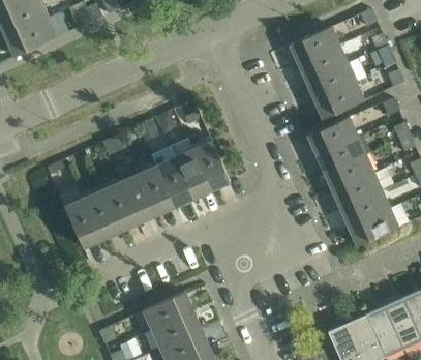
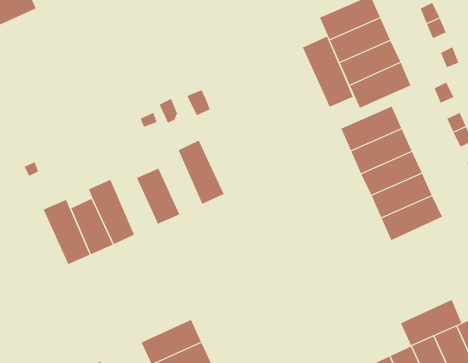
building: none -> [302,36,353,108]
building: [190,137,230,189] -> none
building: [154,153,192,206] -> none
building: [121,176,156,222] -> none
building: [348,208,398,246] -> [400,299,462,346]

